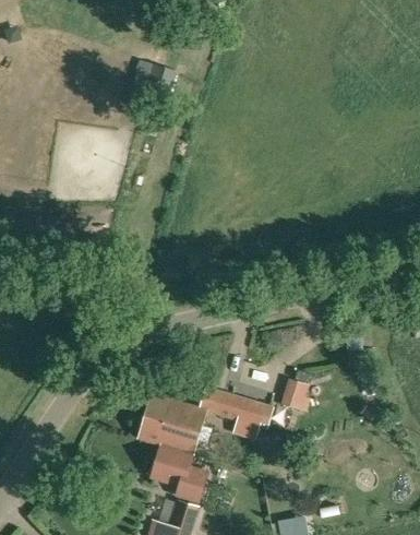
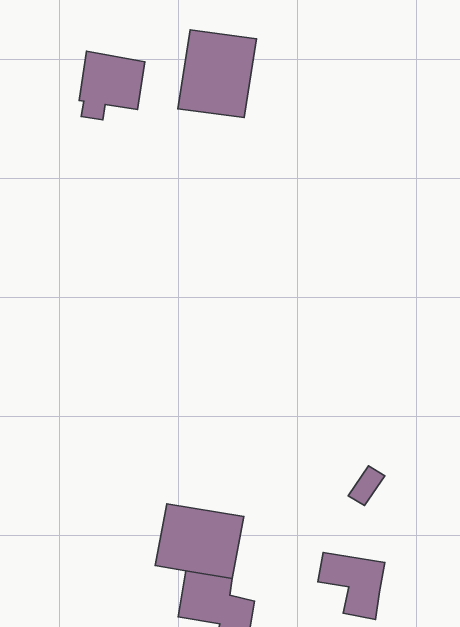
building: none -> [178,30,256,118]
building: [214,391,264,444] -> [318,552,385,620]

